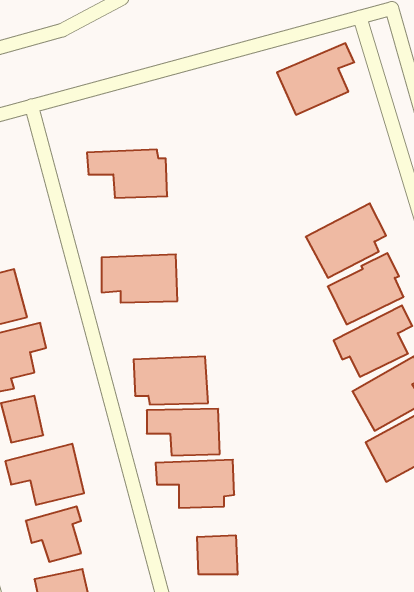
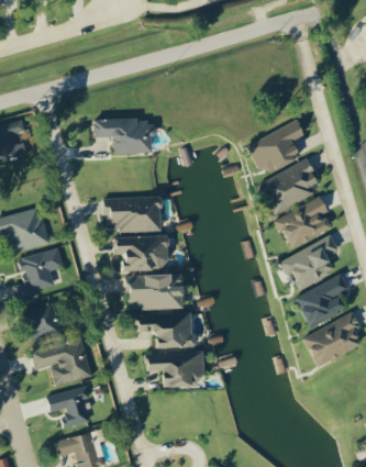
building: [277,43,354,115] -> [247,121,306,175]
building: none -> [112,235,168,271]
building: [197,535,237,575] -> none

